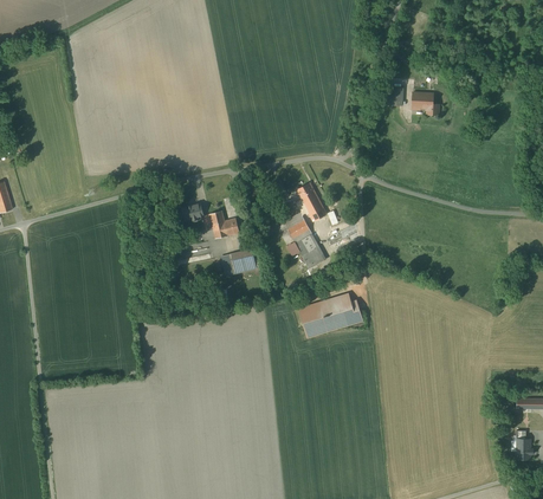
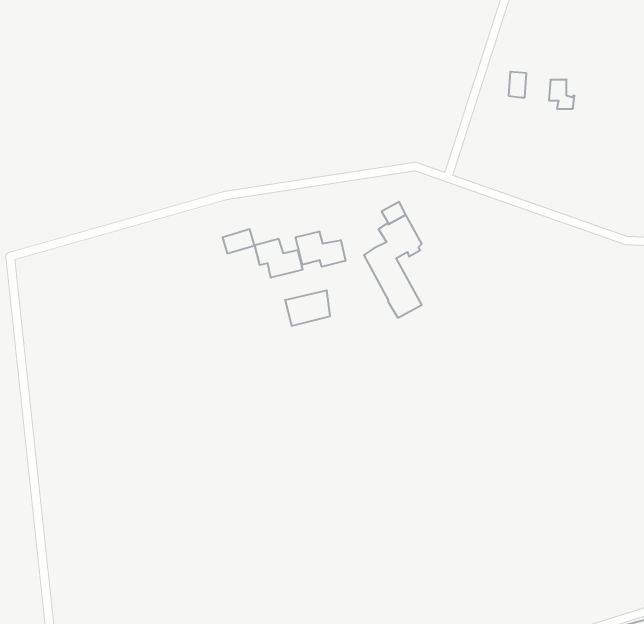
building: none -> [296,231,345,267]
building: [297,293,362,338] -> none

